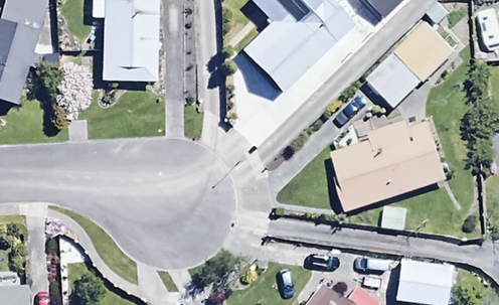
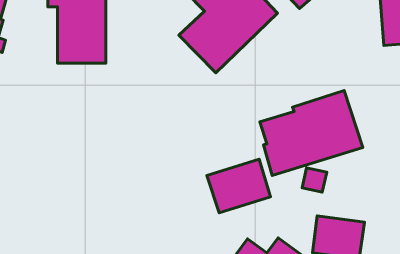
building: [369,18,457,107] -> none
building: none -> [207,159,270,213]

